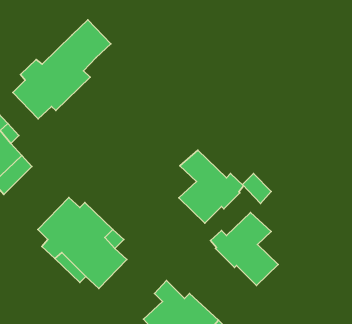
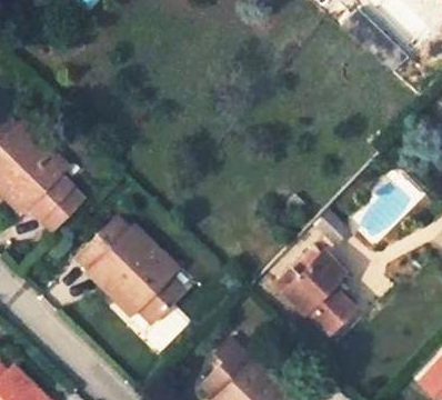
building: [13,20,111,119] -> none
building: [179,150,244,223] -> none

